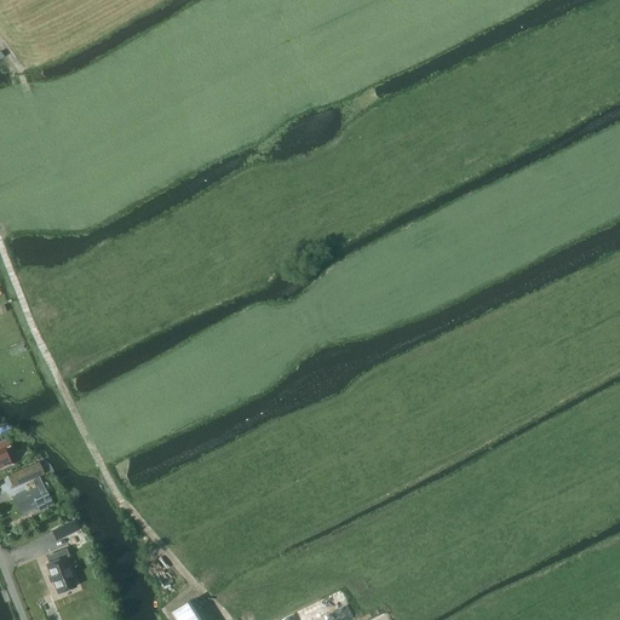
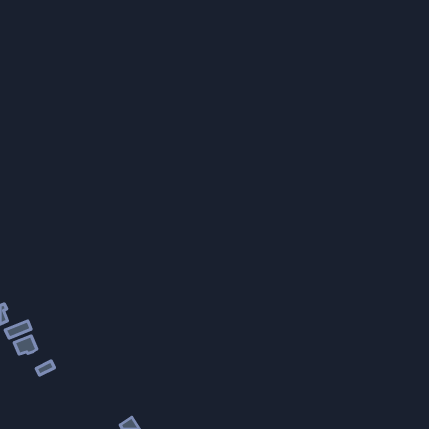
building: [46,550,75,593] -> none

